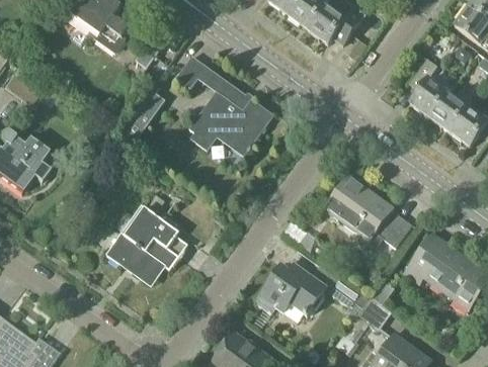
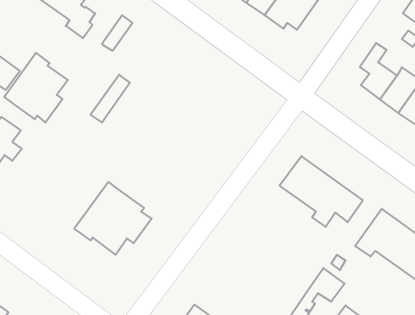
building: [175,55,207,87] -> none
building: none -> [4,53,68,123]
building: [189,81,273,155] -> none
building: [257,265,359,314] -> none

